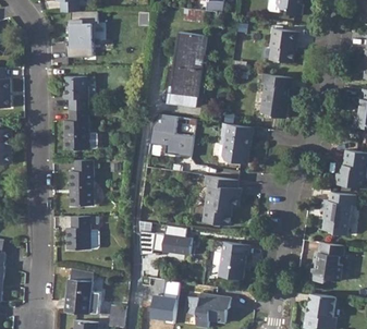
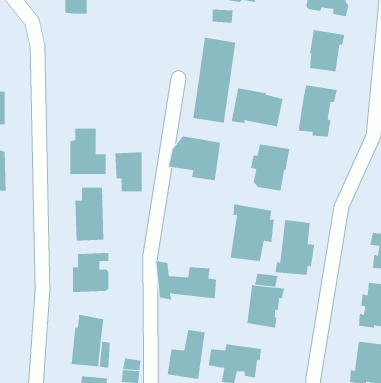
building: [65,12,99,58] -> none
building: none -> [231,87,283,127]
building: [64,76,88,110] -> [114,152,143,192]
building: none -> [275,219,315,276]

